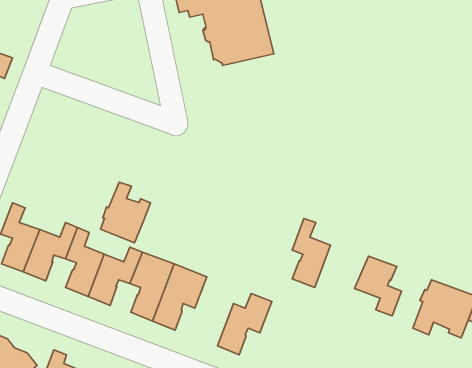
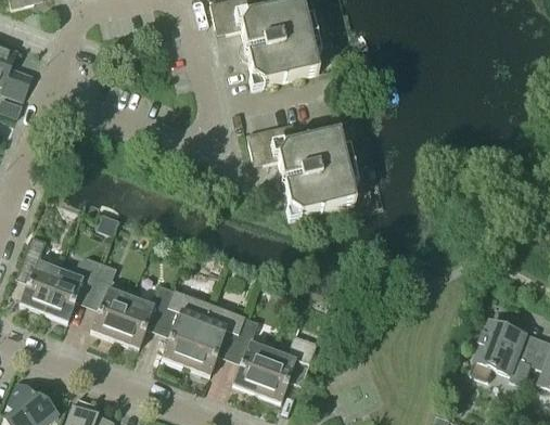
building: none -> [246,124,355,216]
building: [101,182,150,243] -> none
building: [292,219,331,288] -> [232,318,274,394]
building: [355,256,401,316] -> none

